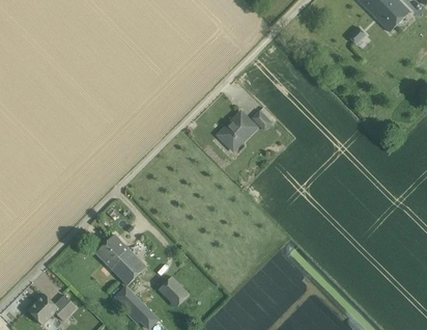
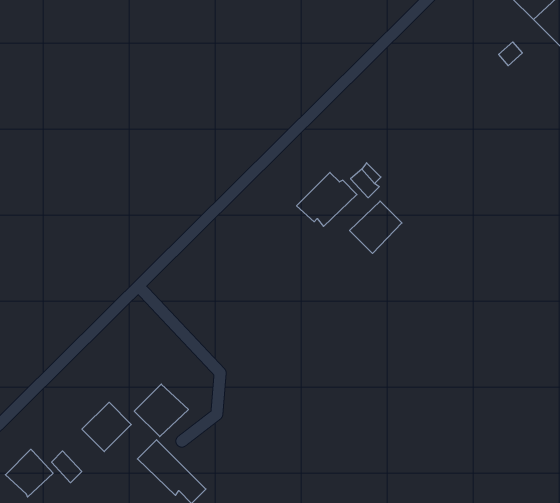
building: none -> [350,201,402,253]
building: [96,237,129,269] -> [82,402,131,452]
building: [158,276,189,307] -> none

